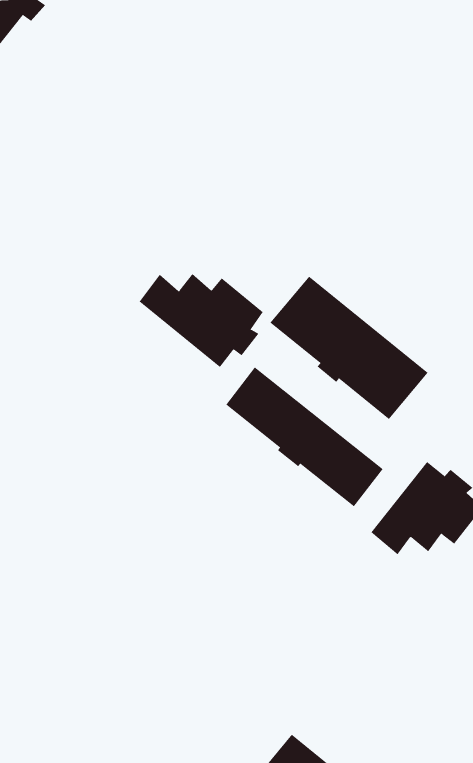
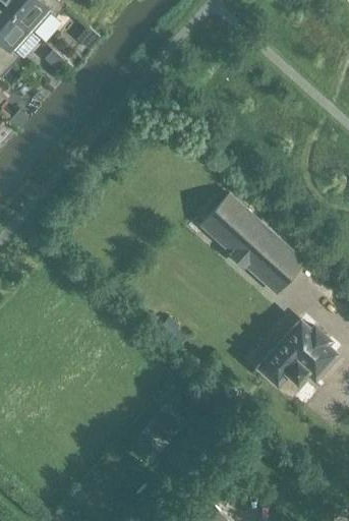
building: [139,273,264,368] -> none
building: [225,367,383,507] -> none

